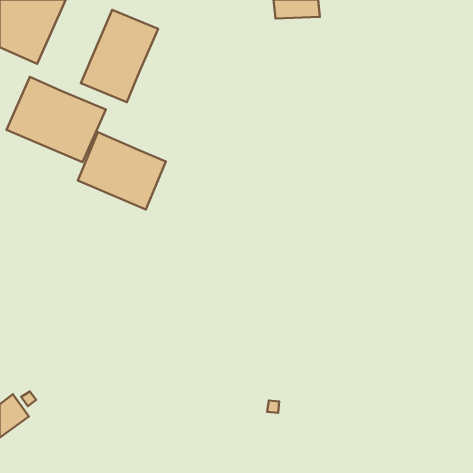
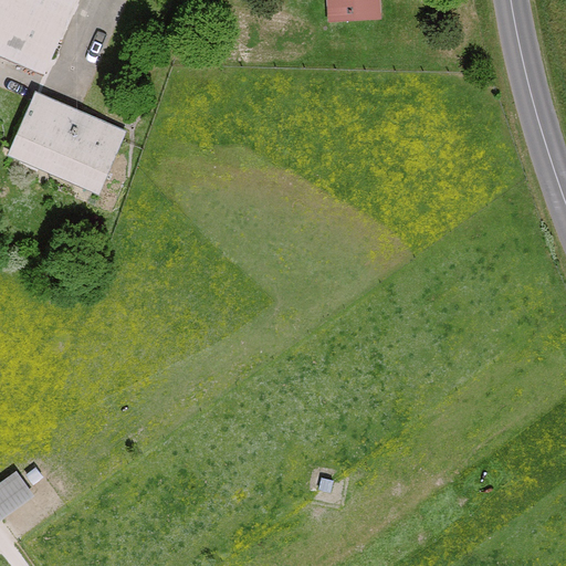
building: [81,10,158,102] -> none
building: [78,132,166,210] -> none

